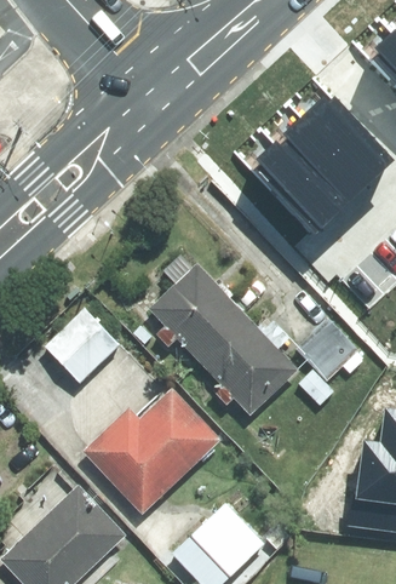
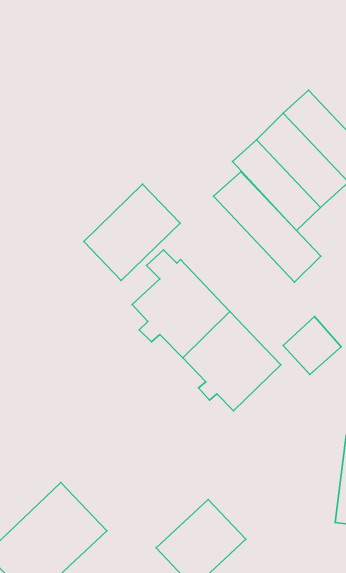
building: none -> [213,172,321,282]
building: none -> [84,184,180,281]
building: [46,309,117,380] -> none
building: [84,391,218,513] -> none

